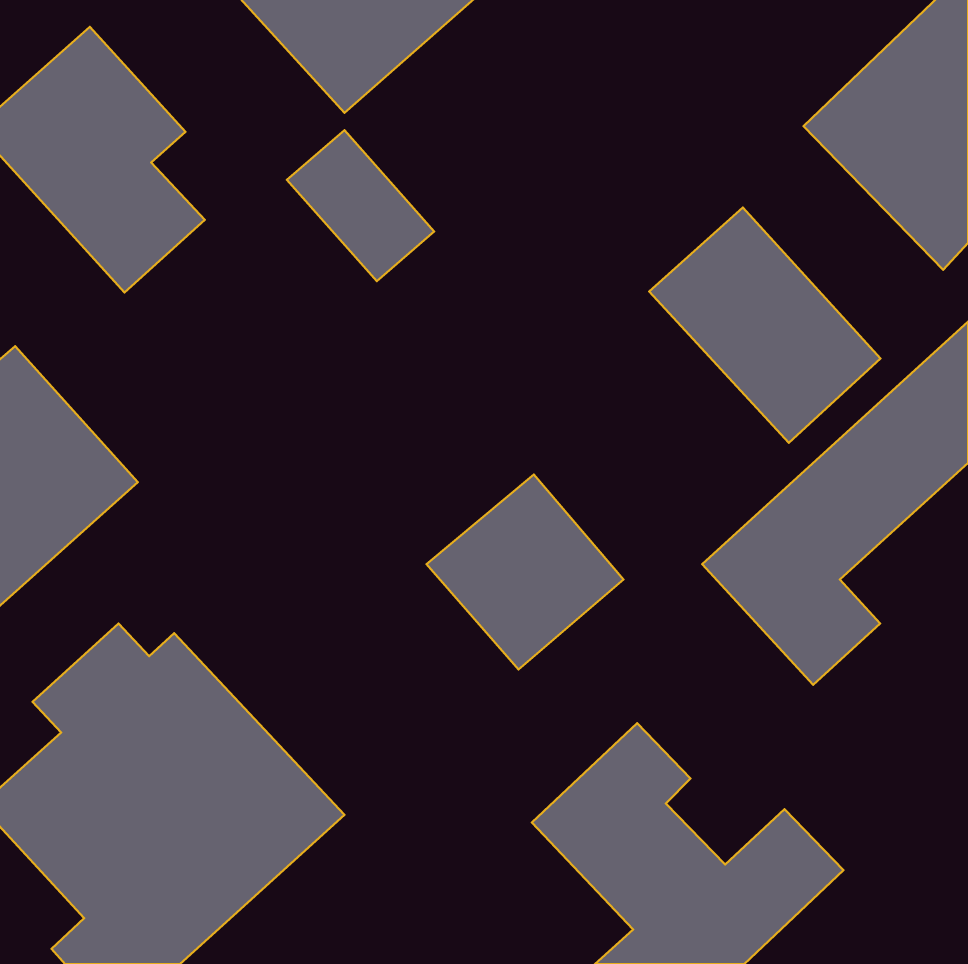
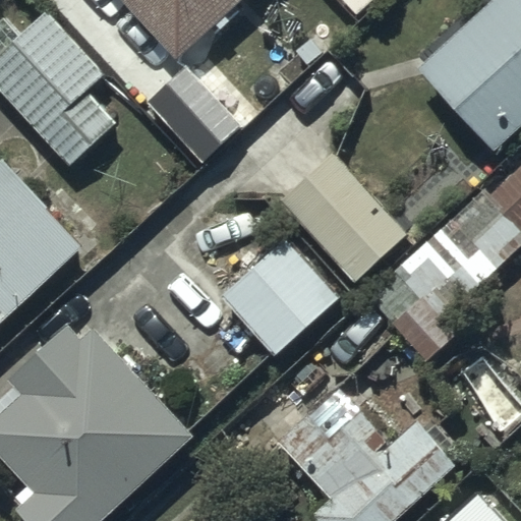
building: [649,207,881,443] -> [281,156,404,281]

